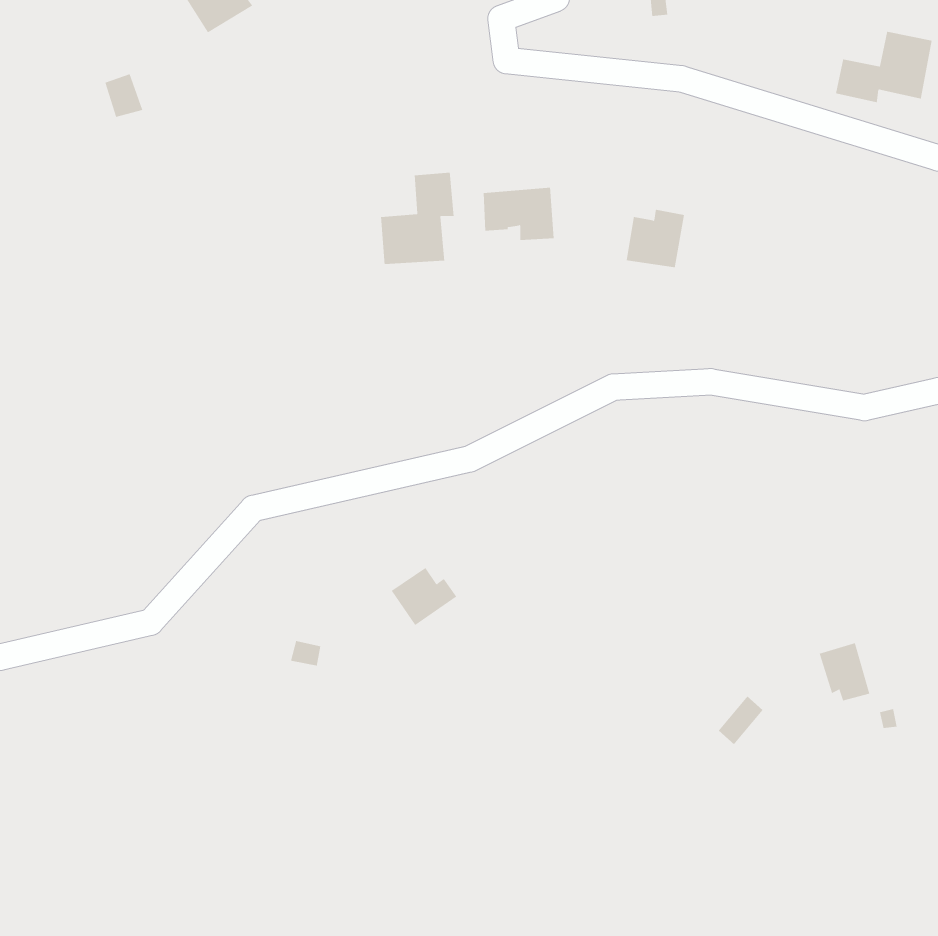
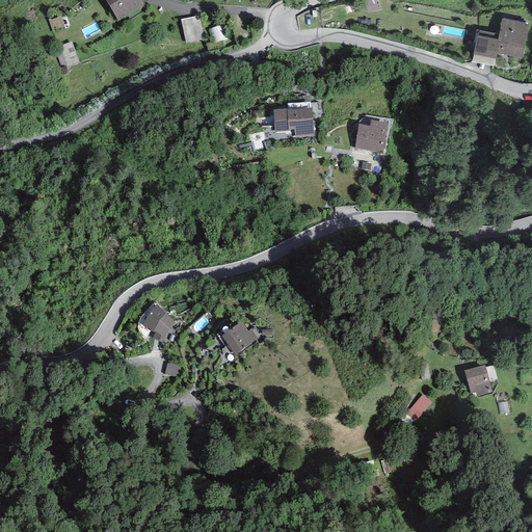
building: none -> [180,15,204,42]
building: [381,172,454,265] -> none
building: none -> [142,303,176,342]

